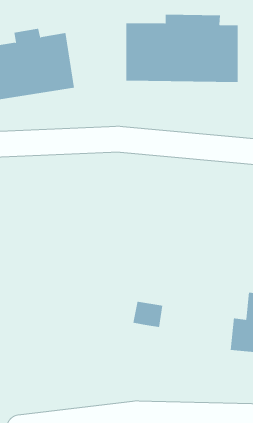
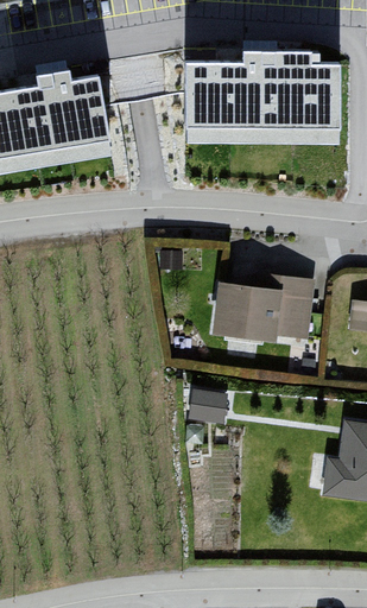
building: none -> [203,273,315,342]
building: [133,301,163,327] -> [189,388,230,424]

